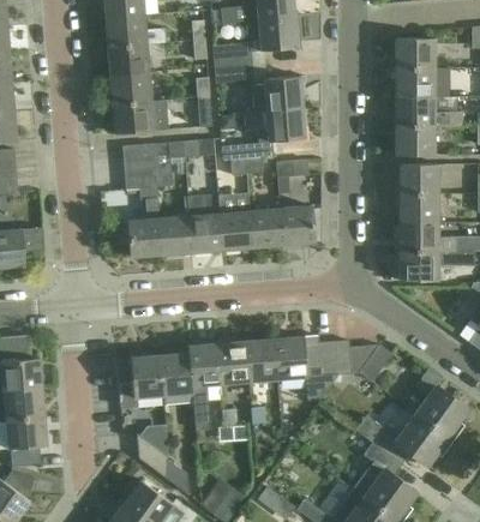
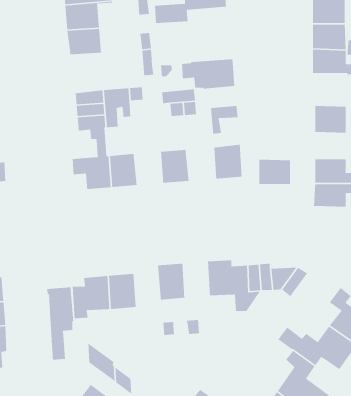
building: [215,65,305,110] -> none
building: [116,101,169,136] -> none
building: [396,125,436,151] -> none
building: [398,192,436,222] -> [259,159,291,185]
building: [188,194,223,253] -> none
building: [251,209,284,248] -> none
building: [247,340,277,383] -> none
building: [188,344,221,430] -> [46,287,74,361]

